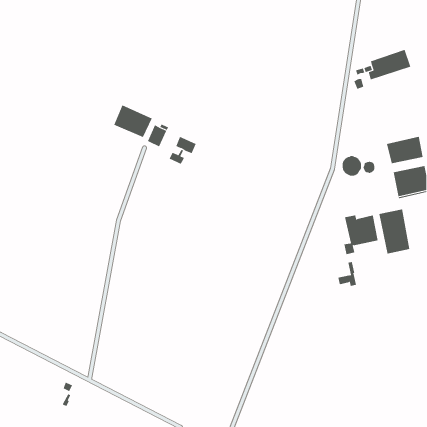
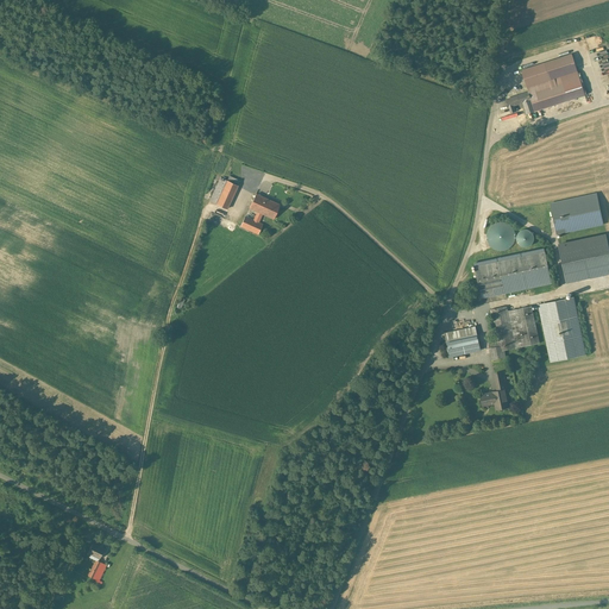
building: none -> [521,54,577,87]
building: [114,105,152,138] -> none
building: none -> [475,249,551,297]
building: none -> [444,326,481,357]

